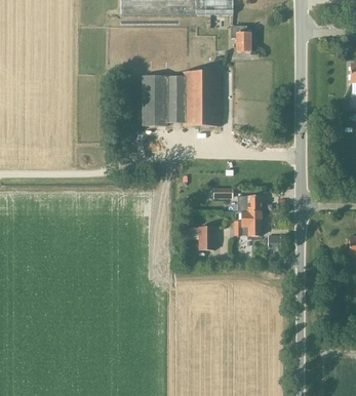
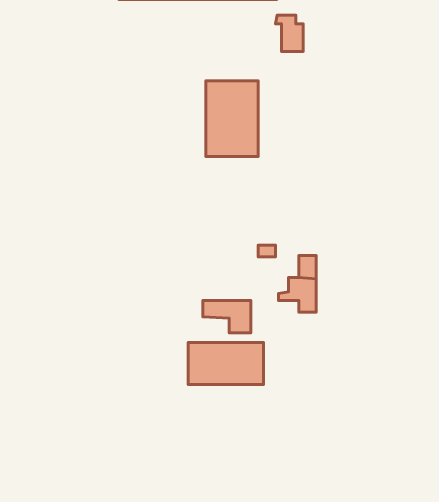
building: [142,74,183,123] -> none
building: none -> [188,342,263,384]

